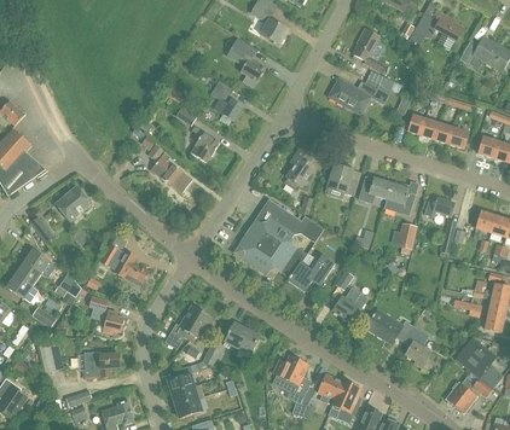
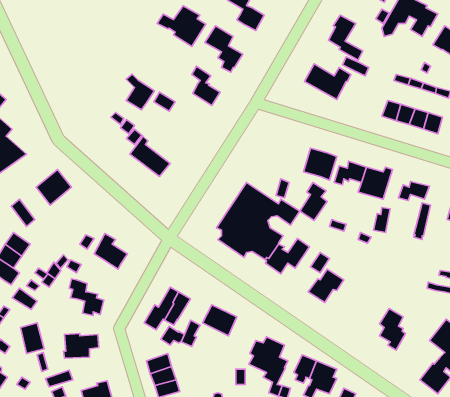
building: none -> [157,6,206,47]
building: [191,126,220,162] -> [126,74,155,110]
building: [286,147,314,186] -> [300,183,327,221]
building: [366,309,415,343] -> none

